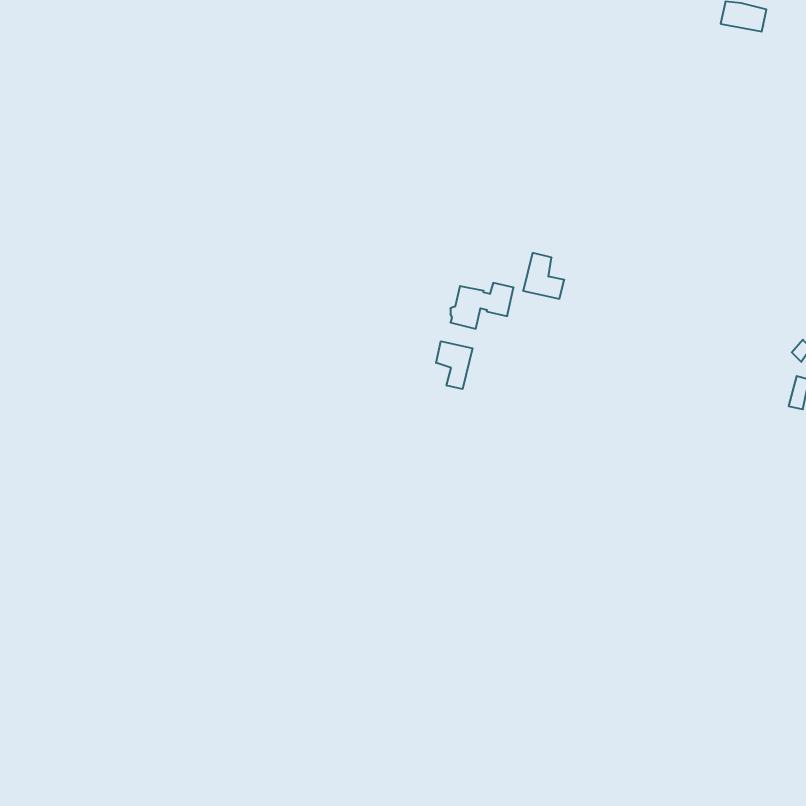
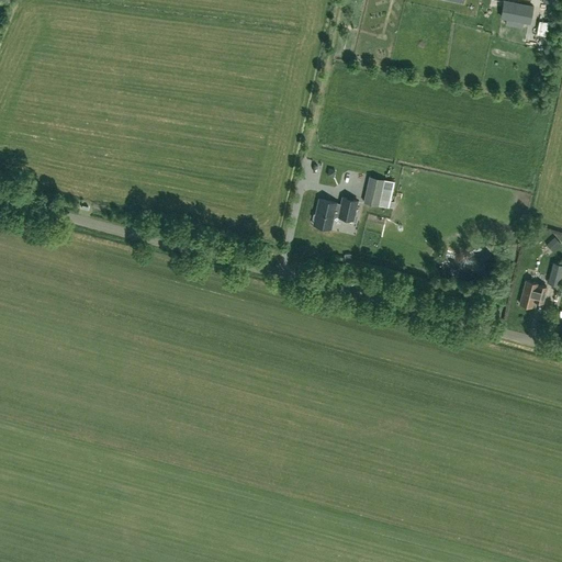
building: [436,341,472,389] -> none
building: none -> [520,281,547,307]

